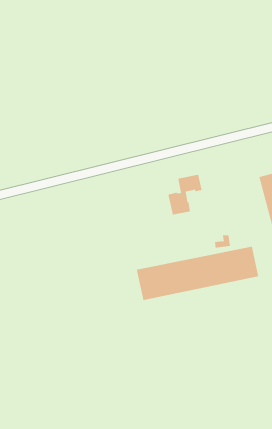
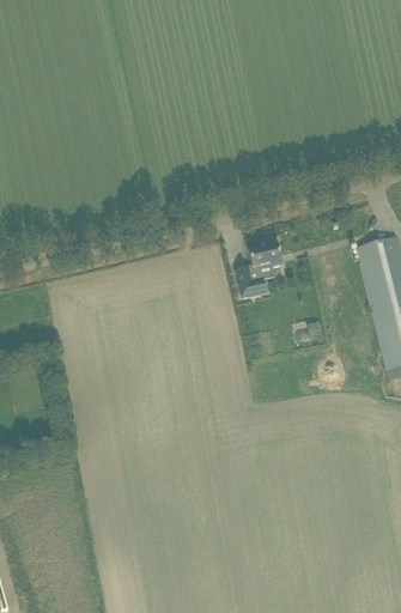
building: [136,246,259,301] -> none

